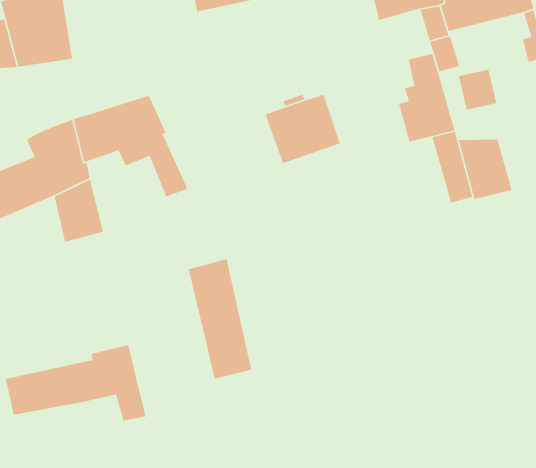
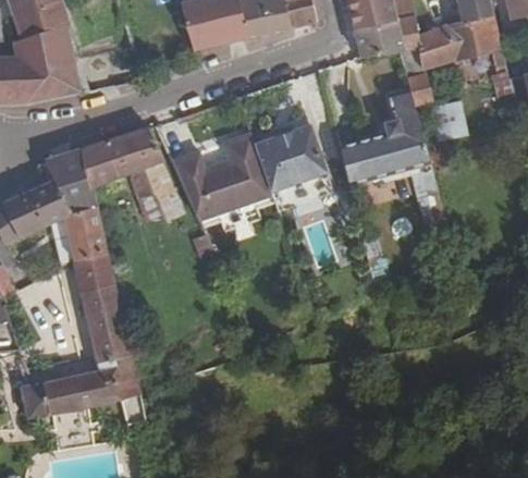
building: none -> [171,130,271,231]
building: none -> [337,134,386,181]
building: [458,139,513,200] -> none
building: [188,258,252,380] -> [72,252,131,363]

